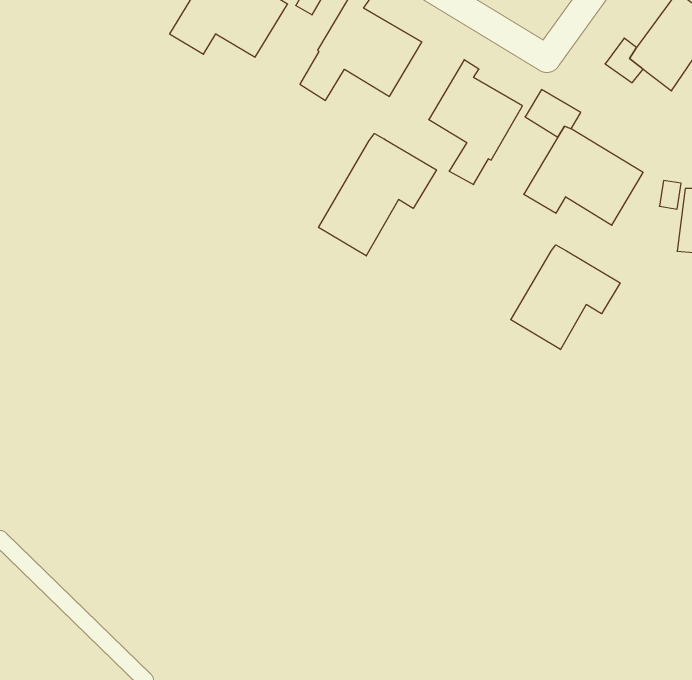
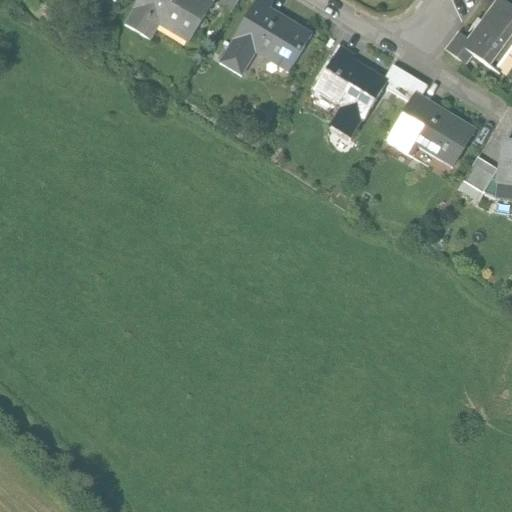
building: [318,134,436,256] -> none
building: none -> [464,153,499,190]
building: [511,245,620,350] -> none

